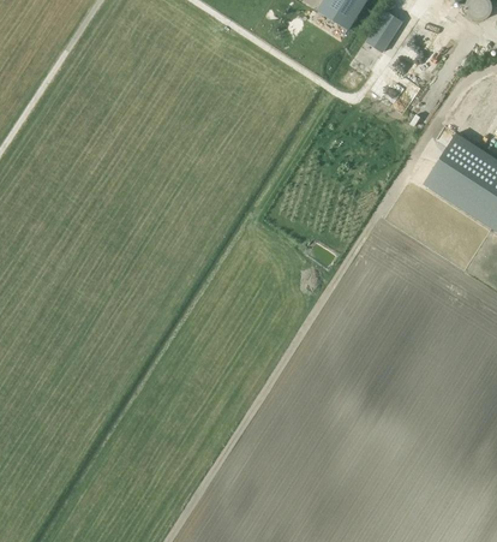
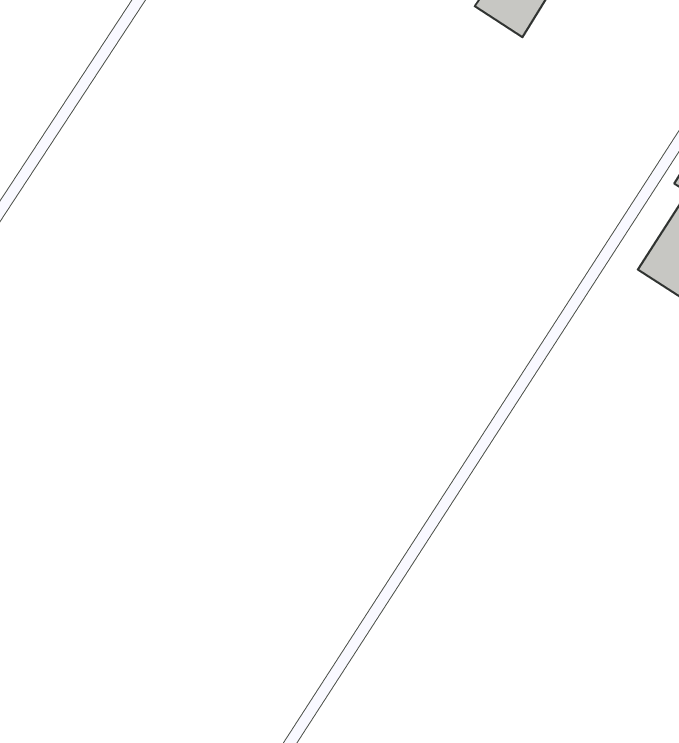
building: [366,12,402,53] -> none

